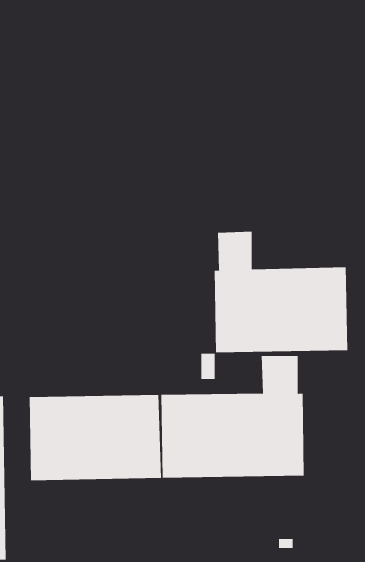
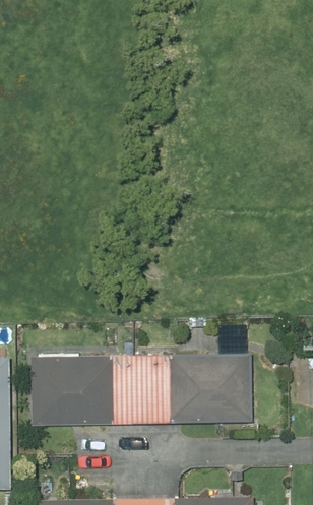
building: [214,231,348,353] -> none

